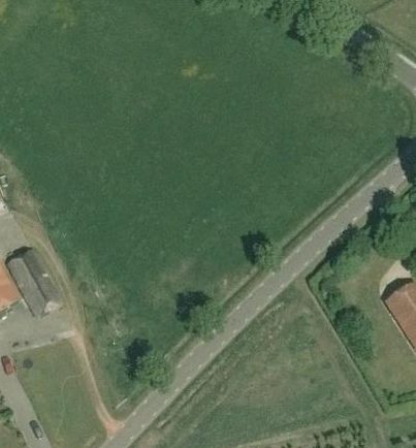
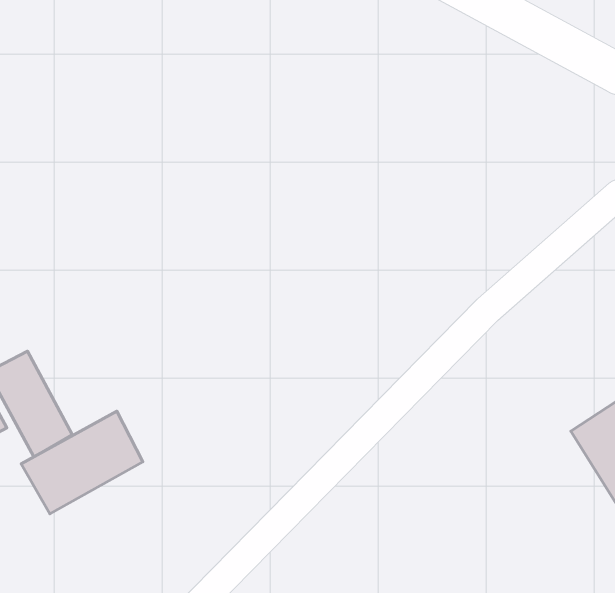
building: none -> [21,411,143,514]

